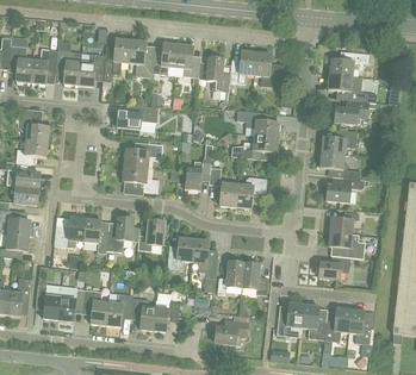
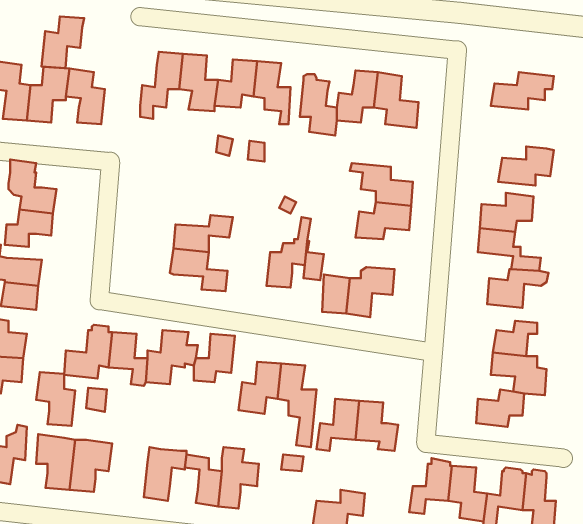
building: [77,52,105,86] -> [41,16,84,68]
building: [327,73,365,100] -> none
building: [113,105,157,137] -> none
building: [82,289,107,324] -> [36,372,75,426]

